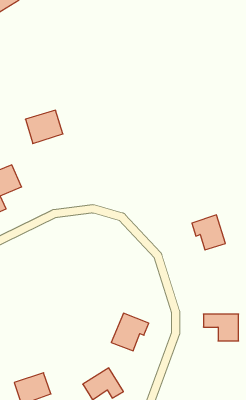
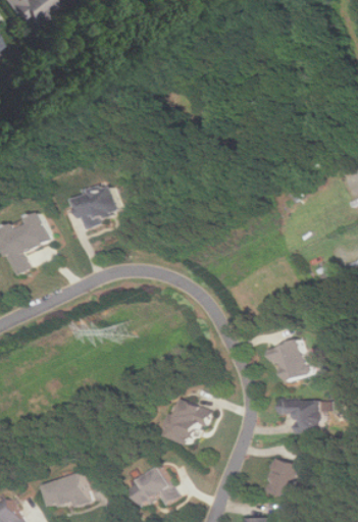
building: [25,110,63,144] -> [71,184,118,225]
building: [192,215,225,250] -> [267,337,309,381]
building: none -> [266,458,299,497]

